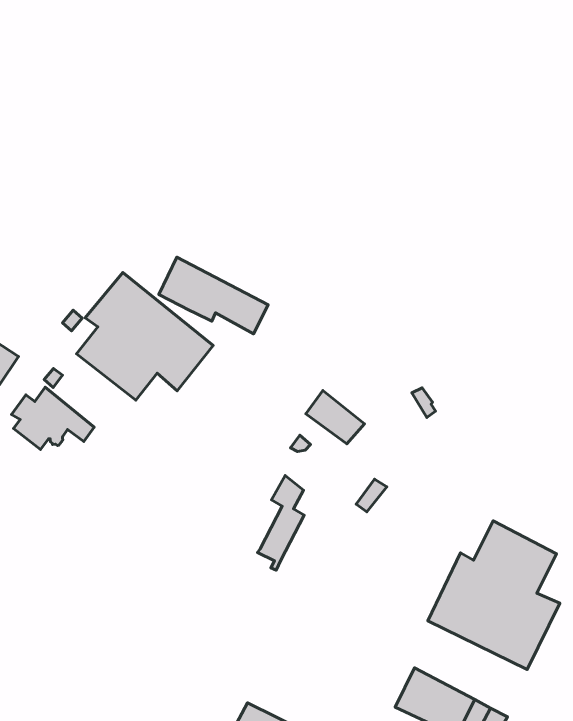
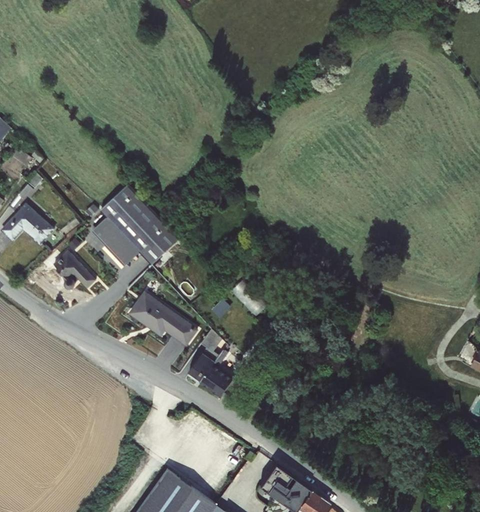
building: [159,257,268,334] -> [130,290,198,346]
building: none -> [200,348,233,396]
building: [428,521,560,669] -> none

